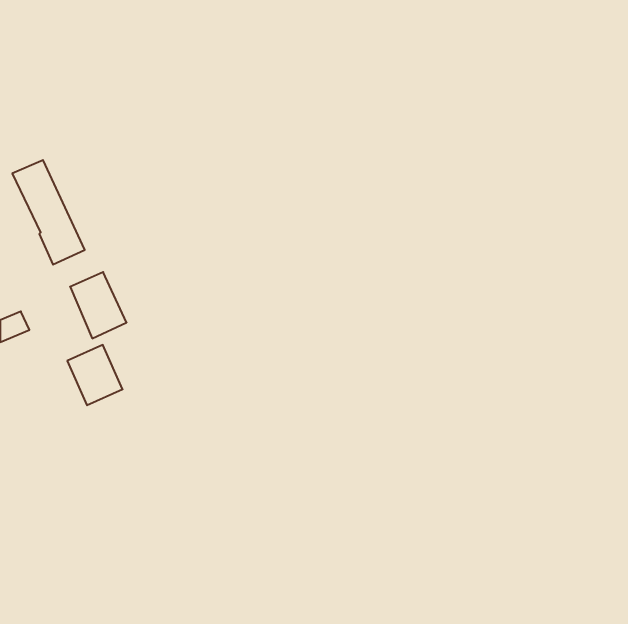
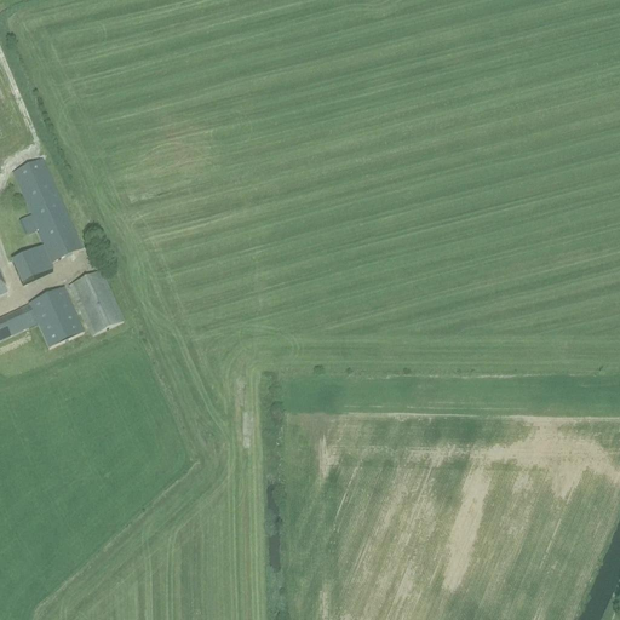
building: none -> [11,245,53,282]
building: [67,345,123,405] -> [27,286,81,345]

